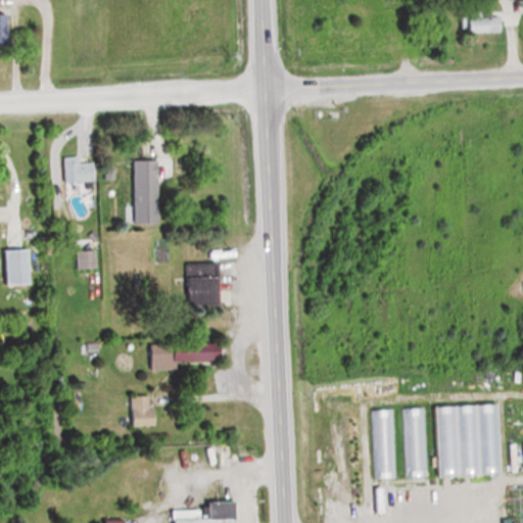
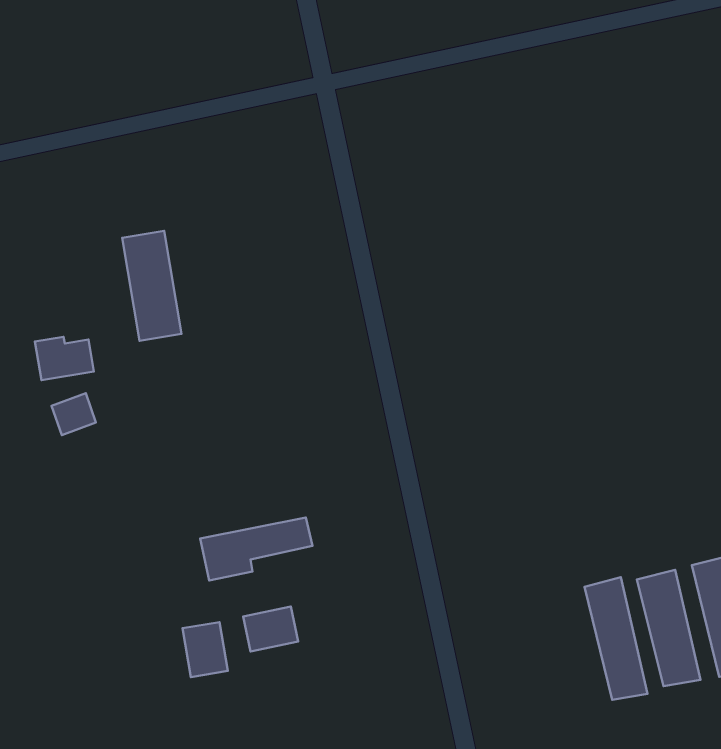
building: [64,157,96,181] -> [35,337,94,380]
building: [184,264,219,305] -> none
building: none -> [243,607,298,651]

